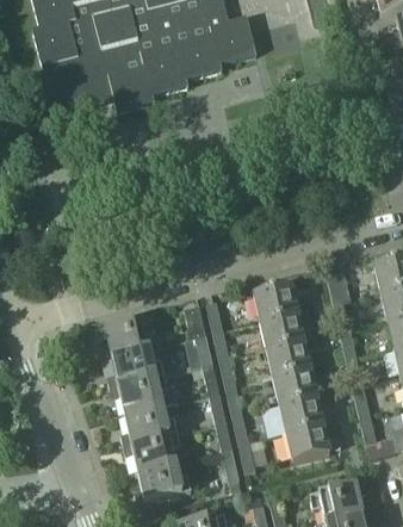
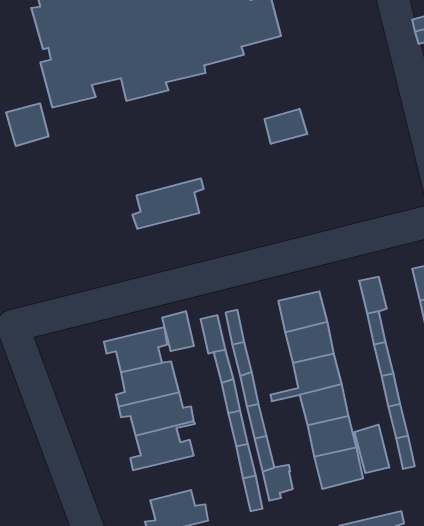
building: none -> [6,103,48,146]
building: none -> [265,109,307,144]
building: none -> [133,178,204,229]
building: none -> [162,311,194,351]
building: none -> [354,425,389,473]
building: [123,432,181,472] -> none

